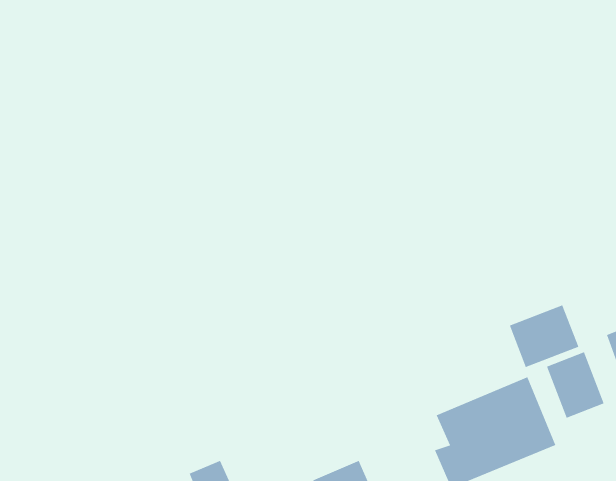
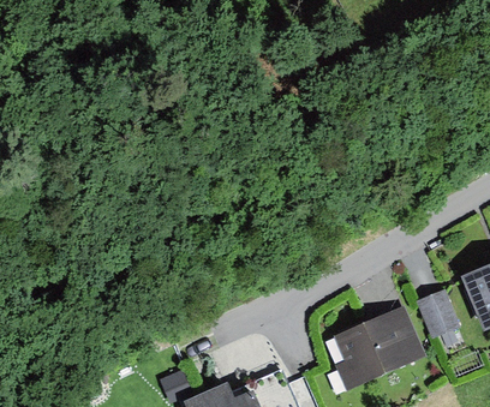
building: [509,305,579,368] -> none

